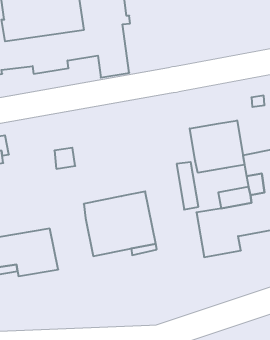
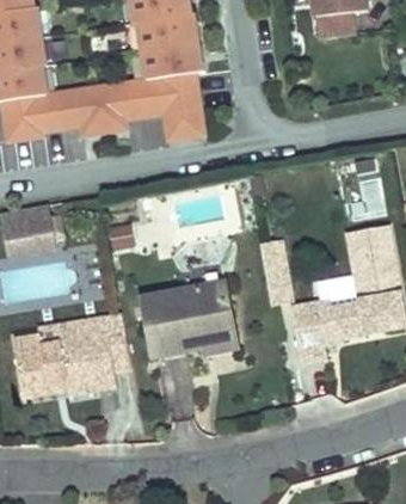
building: [190,120,244,173] -> none

